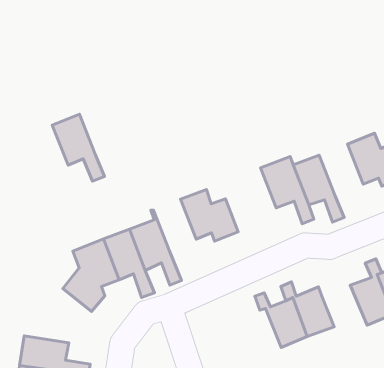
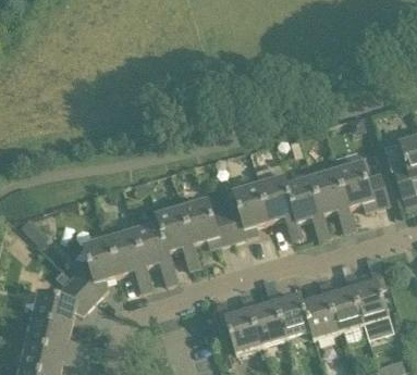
building: [52,114,104,181] -> [158,205,200,266]
building: none -> [310,170,354,230]
building: none -> [223,184,268,239]
building: none -> [302,282,340,340]
building: none -> [33,270,95,325]
building: none -> [216,302,261,353]

